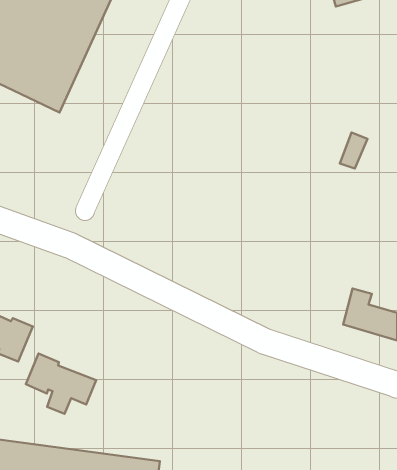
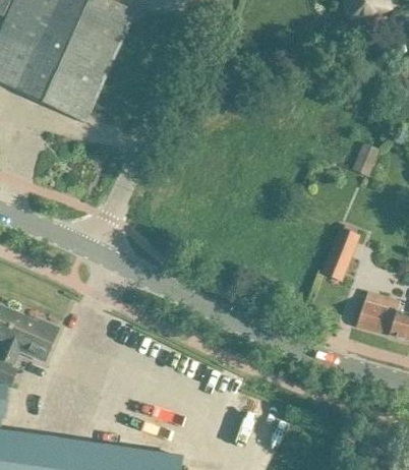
building: none -> [322,227,358,280]
building: [26,354,96,414] -> none

